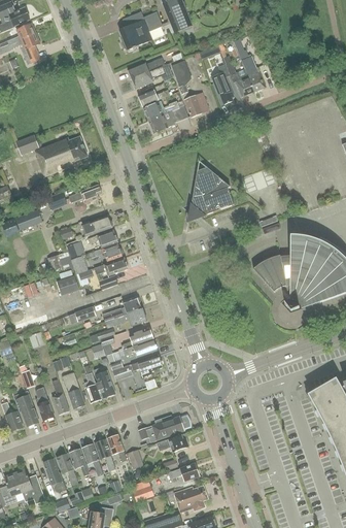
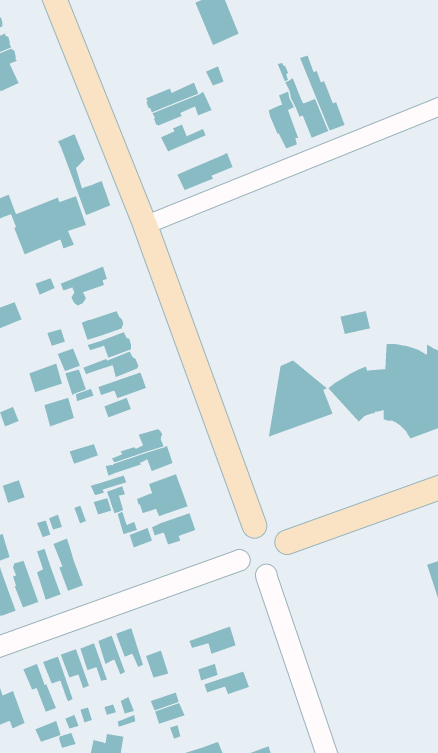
building: [118,10,162,50] -> none
building: [171,60,208,117] -> [57,134,111,216]
building: [142,100,179,121] -> none
building: [188,166,234,220] -> [268,360,334,438]
building: [83,364,114,402] -> none
building: [138,412,192,441] -> none
building: [173,485,207,512] -> none

